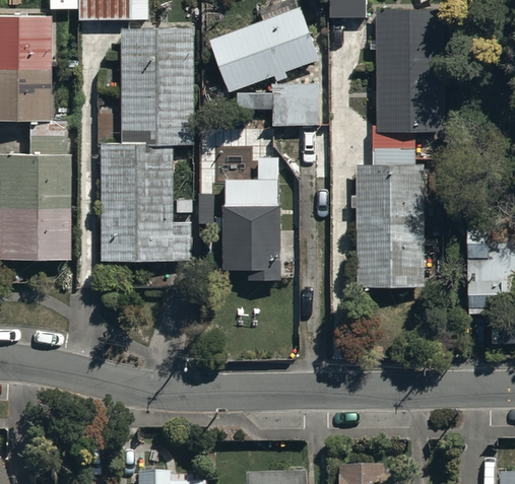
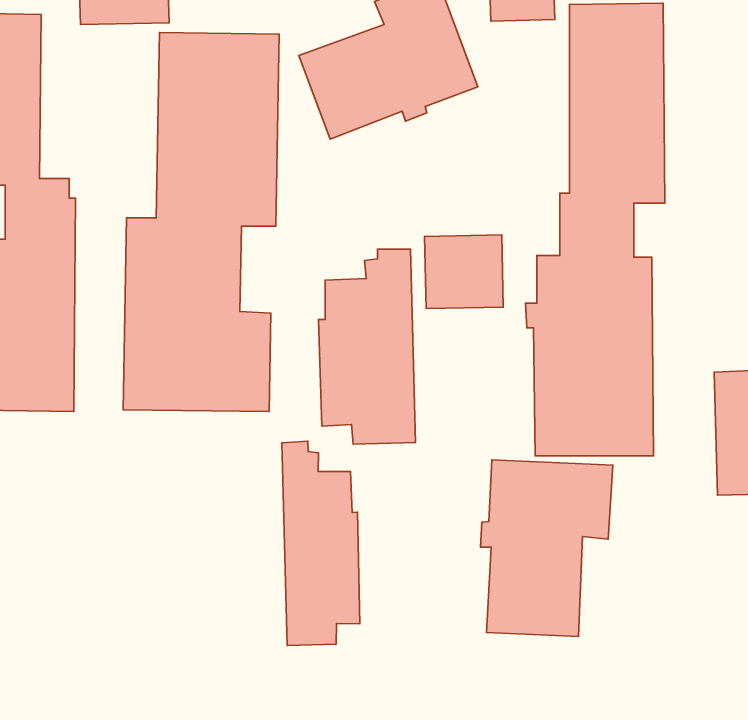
building: [271,82,320,128] -> [425,235,503,309]
building: none -> [282,441,360,645]
building: none -> [481,460,613,637]

